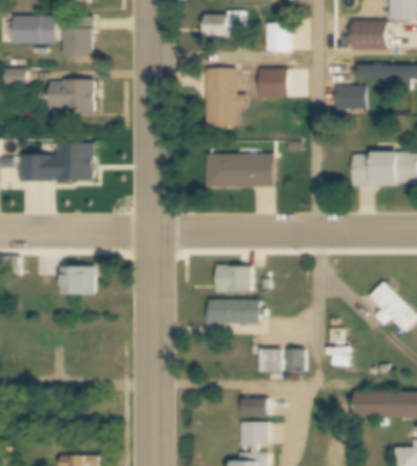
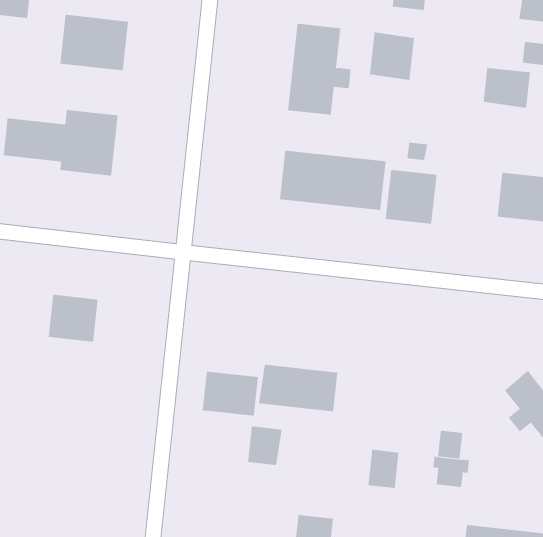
building: none -> [385,169,437,224]
building: [216,265,251,291] -> [202,371,259,416]
building: [259,346,280,371] -> [247,426,283,465]

